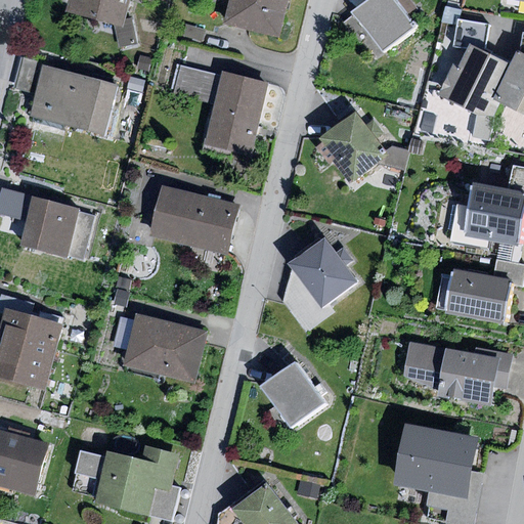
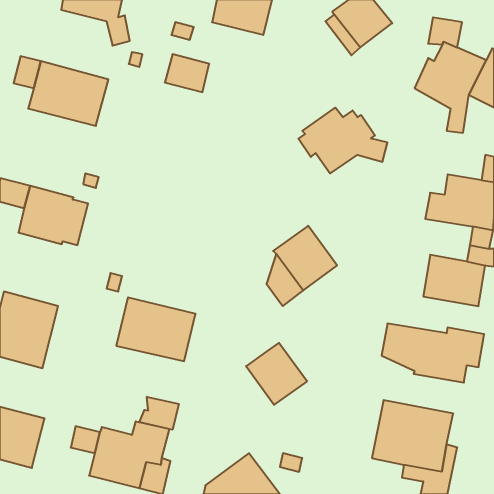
building: [205,71,268,155] -> none
building: [150,185,236,253] -> none
building: none -> [139,397,179,430]

